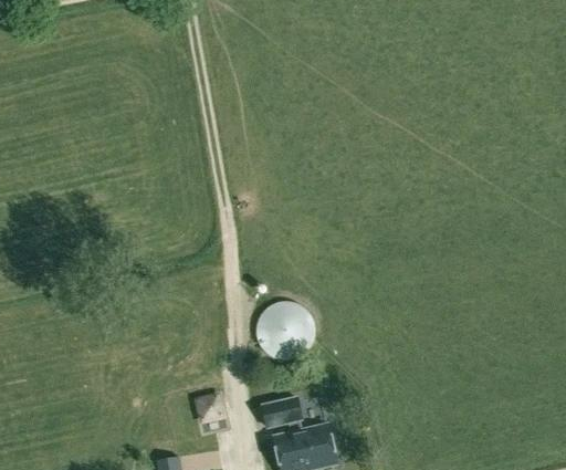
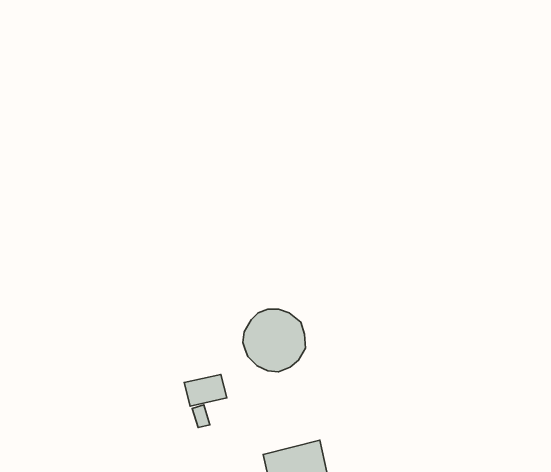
building: [262,398,302,428] -> [184,374,227,406]

